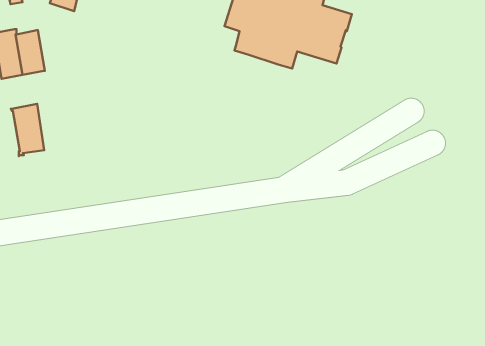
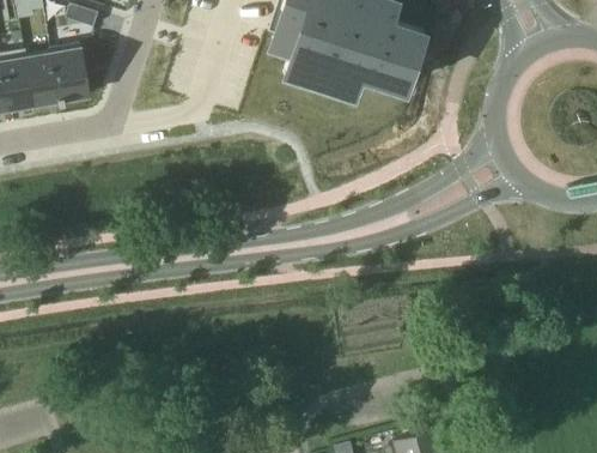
building: [11,104,44,156] -> [48,43,87,105]

